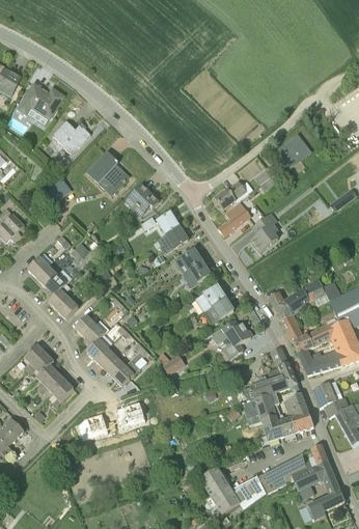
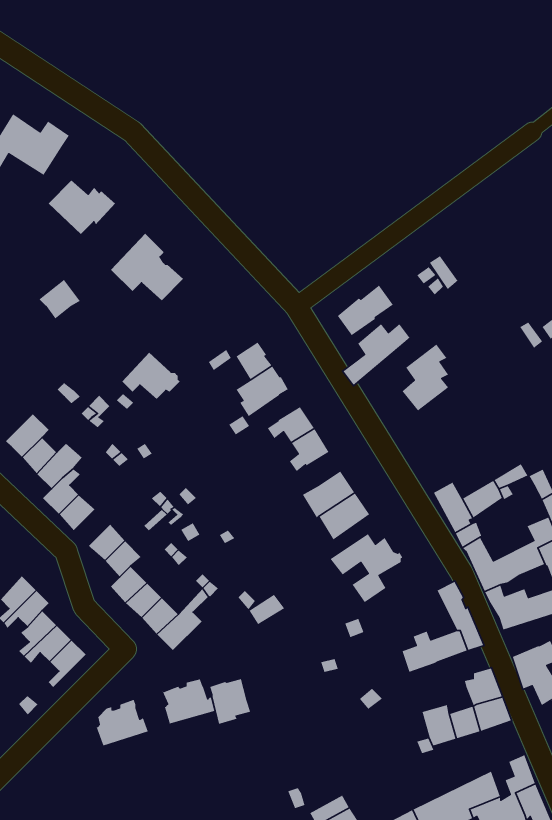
building: [276,134,310,167] -> none
building: [126,184,159,211] -> [122,352,181,400]
building: [241,392,277,424] -> none
building: none -> [209,678,251,725]

